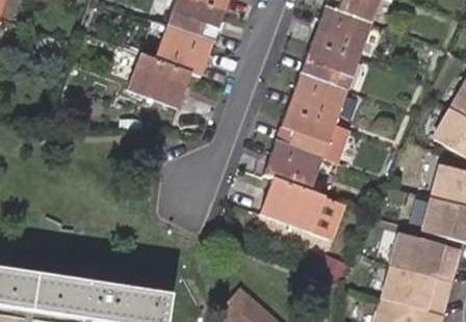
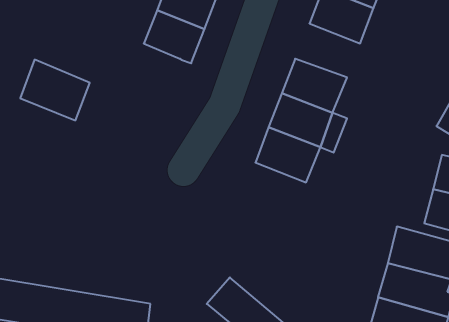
building: [301,35,362,86] -> none
building: [127,47,192,104] -> [20,60,90,120]
building: [260,170,346,234] -> none

